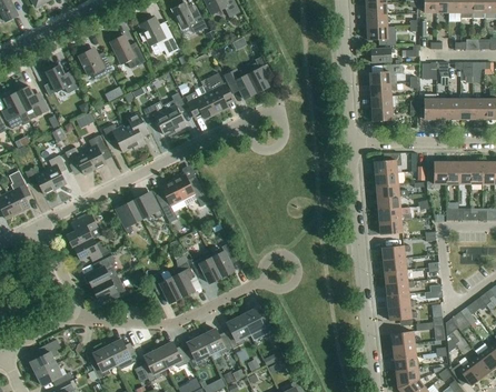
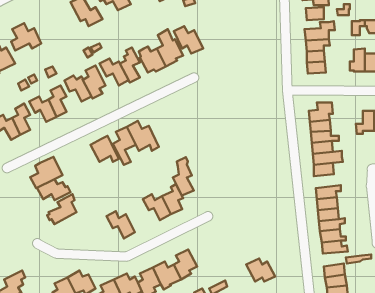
building: [78,47,112,79] -> none
building: [247,56,271,93] -> none
building: [115,200,142,233] -> none
building: [171,254,195,296] -> [173,157,194,196]
building: [92,274,126,300] -> none
building: [240,309,272,334] -> [246,258,275,282]

